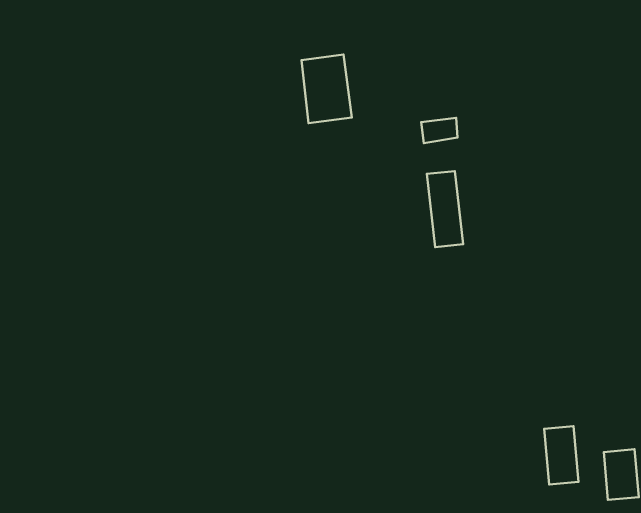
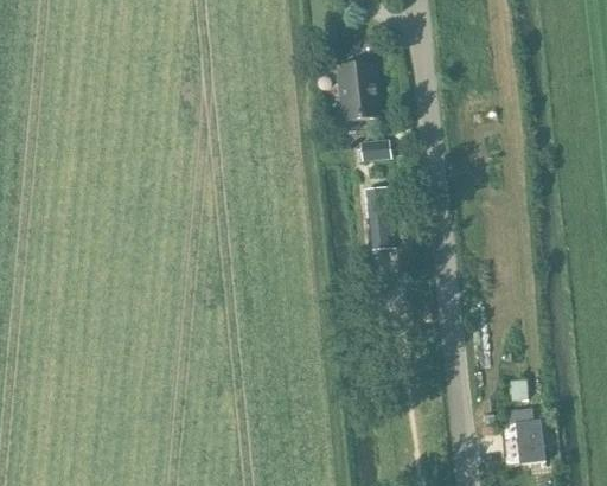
building: [301,54,352,123] -> [338,62,381,120]
building: [544,426,578,484] -> none

